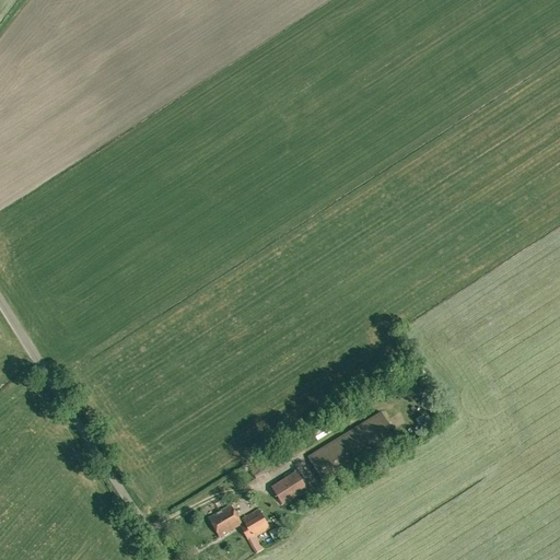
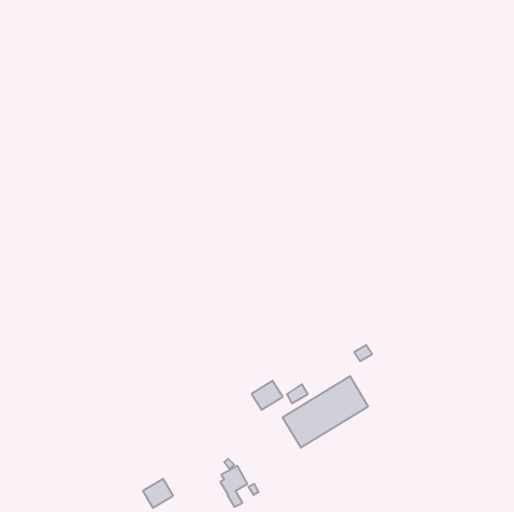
building: [272,470,306,502] -> [252,381,283,410]
building: [209,503,242,535] -> [143,479,173,508]

